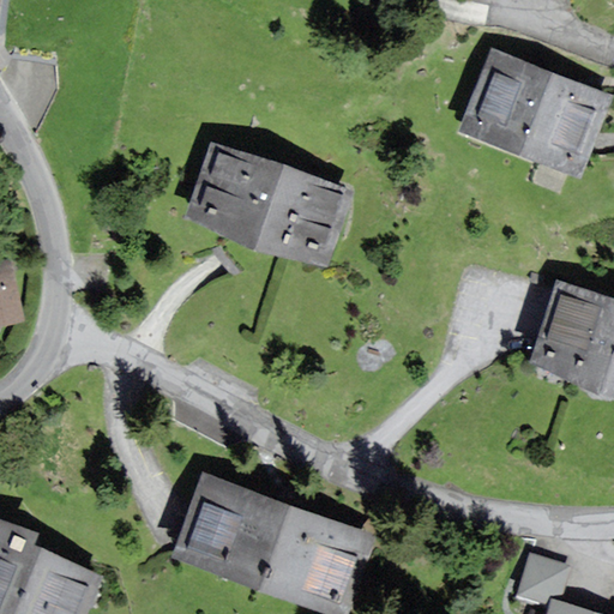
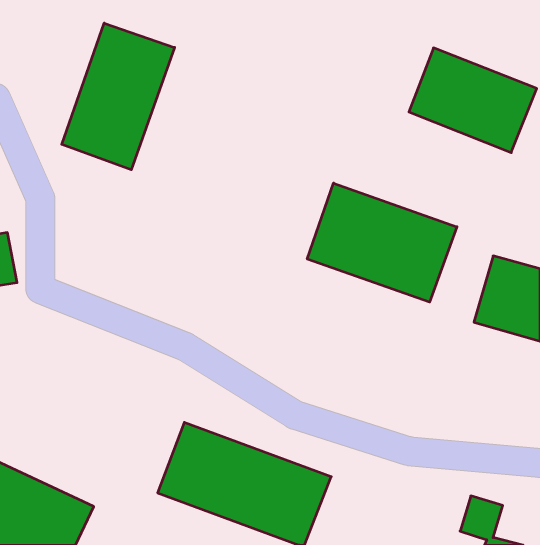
building: none -> [62,23,175,170]
building: [188,148,344,264] -> none
building: none -> [307,183,457,302]

